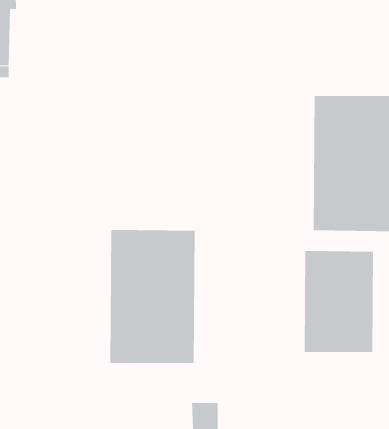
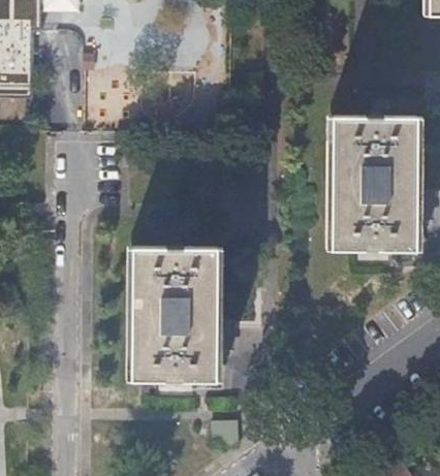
building: [304,250,374,353] -> none

